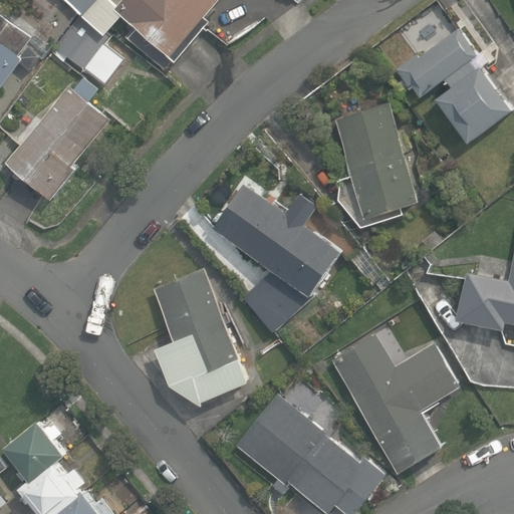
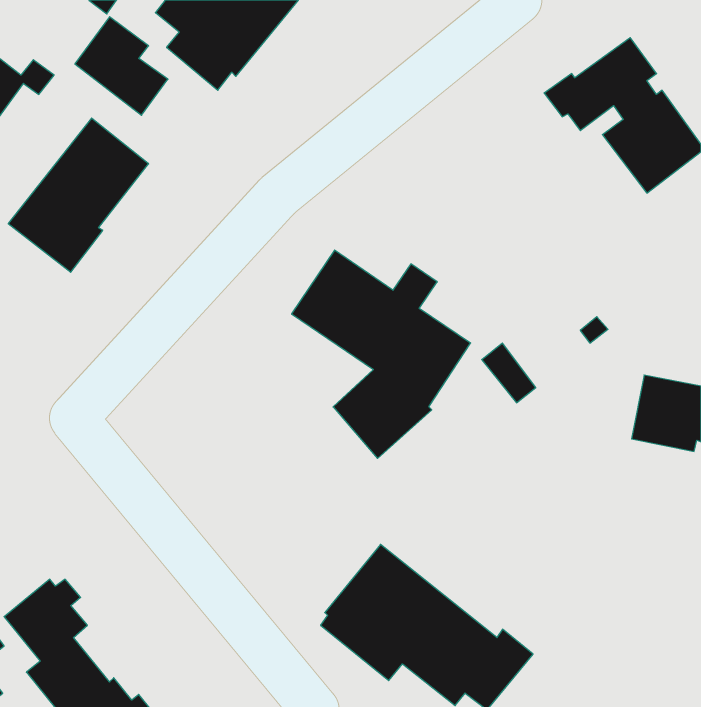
building: [333,101,420,228] -> none
building: [153,269,249,404] -> none
building: [330,334,458,472] -> none

